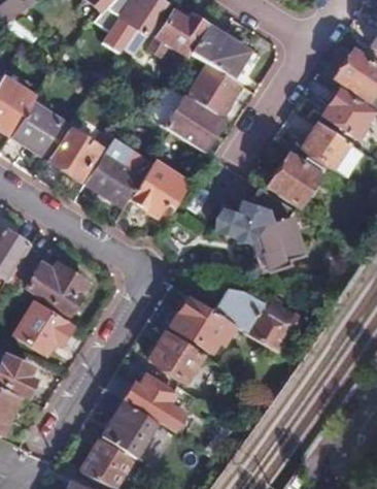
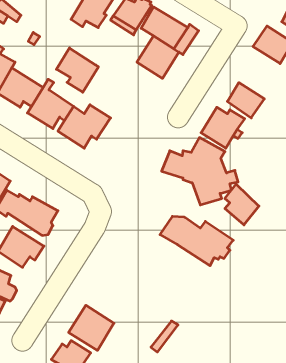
building: [320,89,370,136] -> none
building: [170,95,222,151] -> [56,48,98,92]
building: [133,162,191,217] -> none
building: none -> [225,184,259,225]
building: [174,296,238,351] -> none
building: [152,331,207,383] -> none
building: [108,371,185,431] -> none

